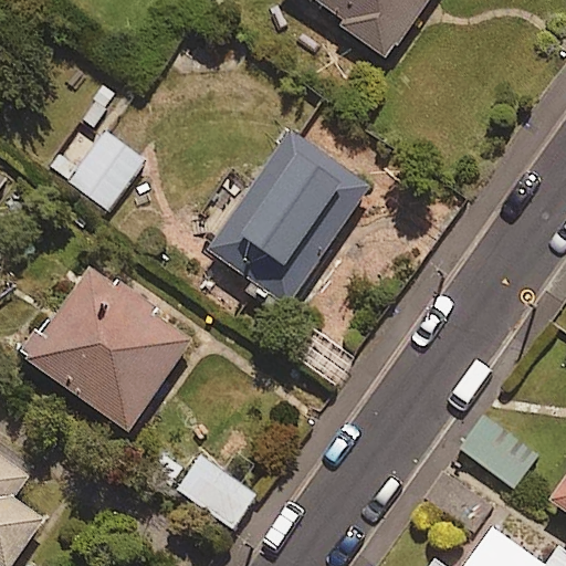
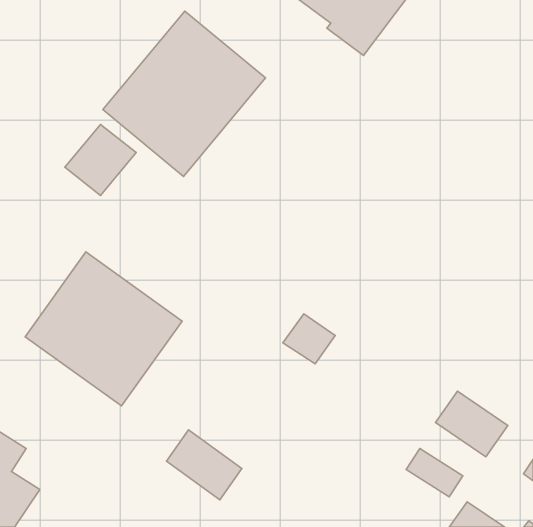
building: none -> [103,11,265,177]
building: [209,139,367,307] -> none

